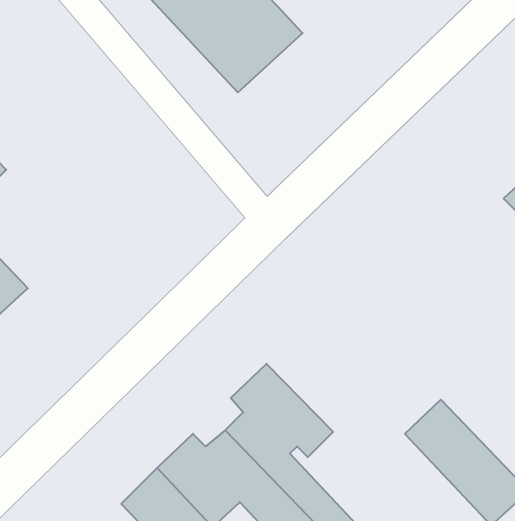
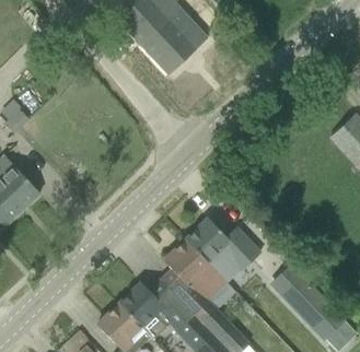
building: none -> [186,219,260,281]

